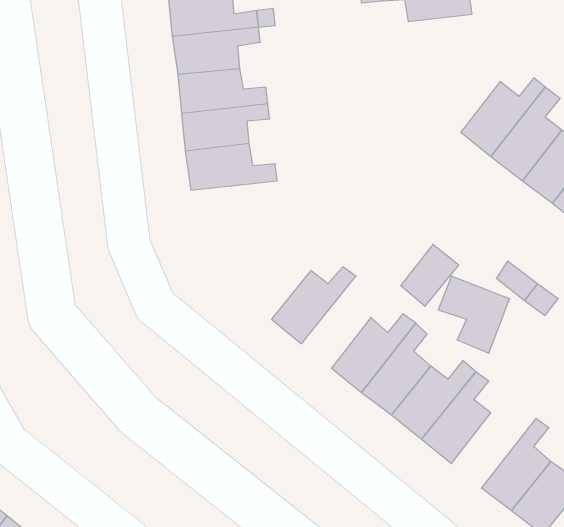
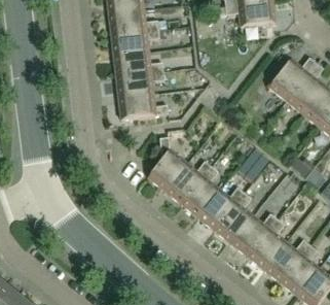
building: none -> [148,136,187,190]
building: none -> [182,166,220,216]
building: none -> [264,239,310,282]

